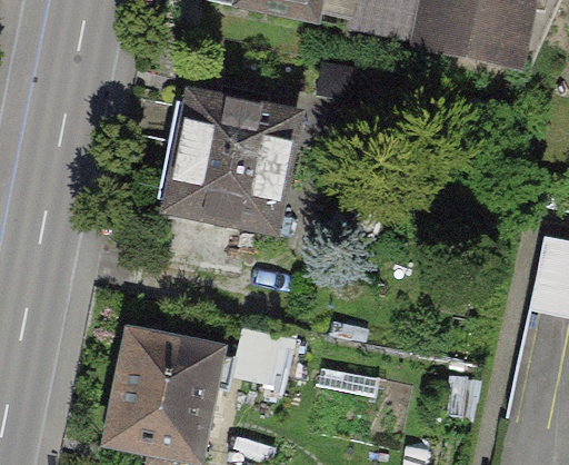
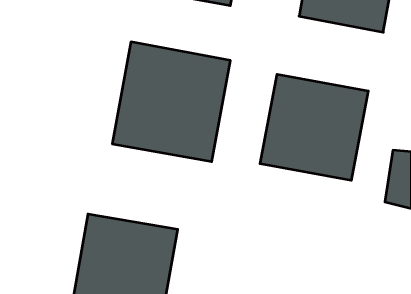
building: none -> [260,74,368,180]

